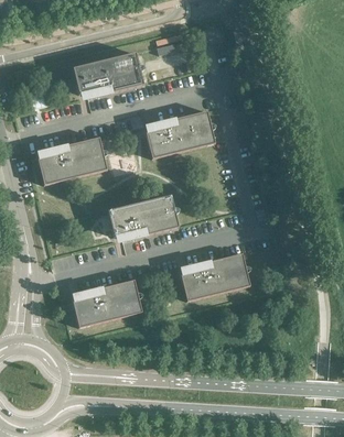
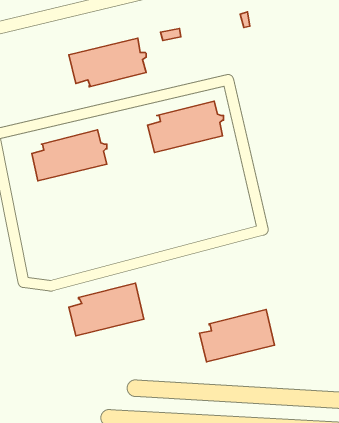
building: [107,195,179,240] -> none
building: [180,252,249,301] -> [200,309,274,362]

